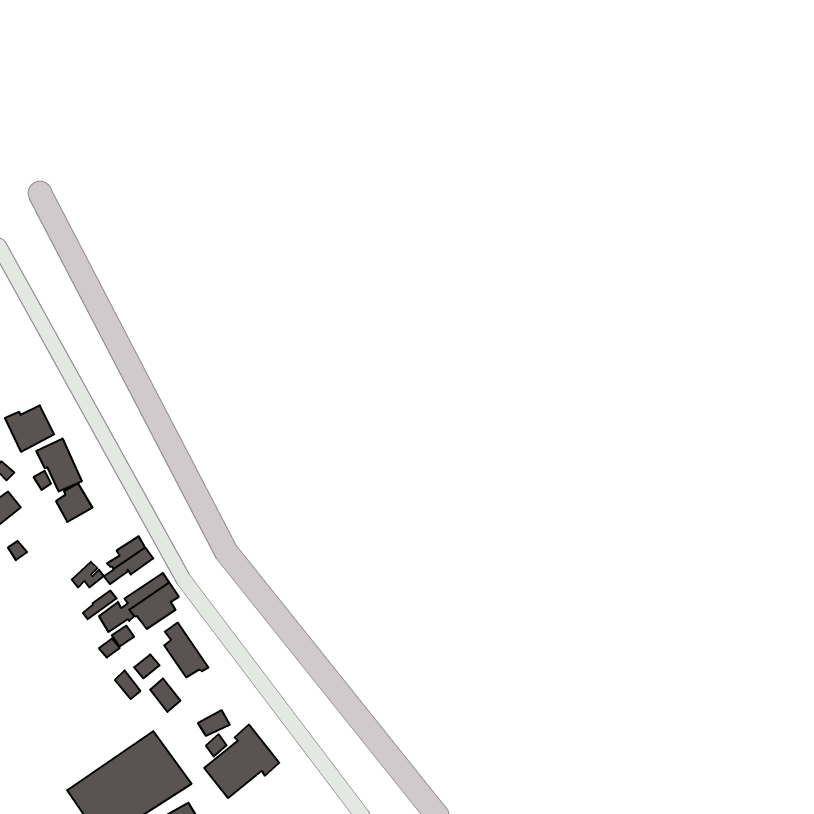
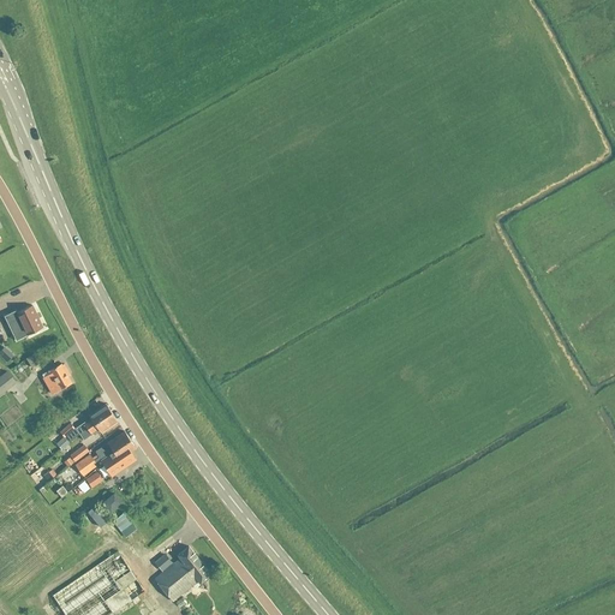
building: [36,438,82,492] -> none
building: [164,623,208,677] -> none

